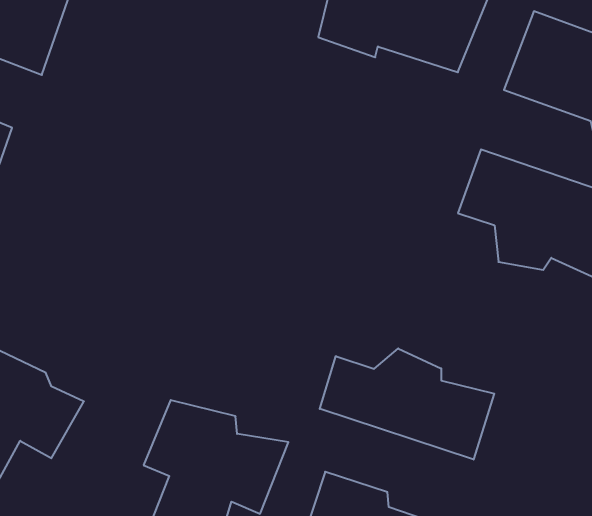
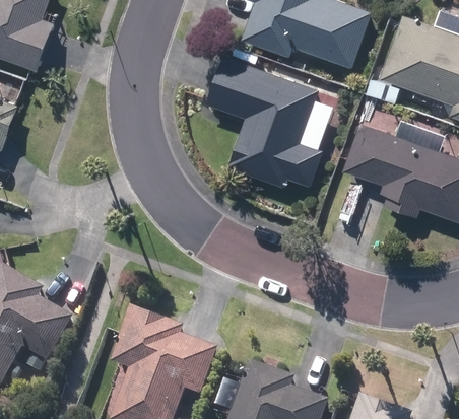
building: none -> [208,60,320,188]
building: [320,348,494,460] -> none

